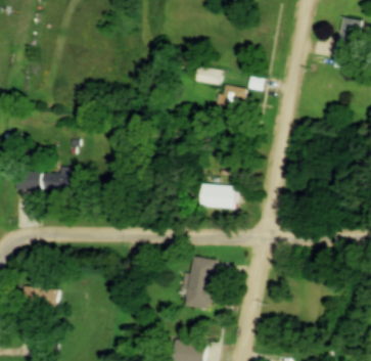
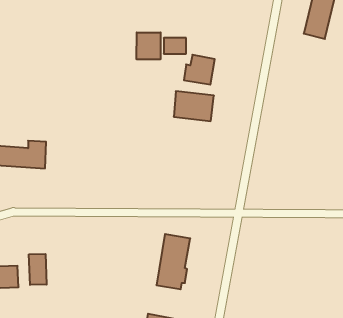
building: none -> [137,32,161,59]
building: [200,182,239,211] -> [174,91,214,121]
building: none -> [29,254,47,285]

